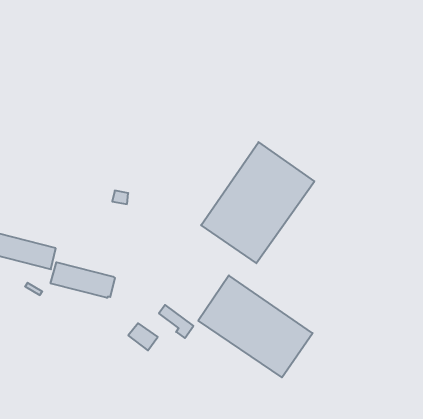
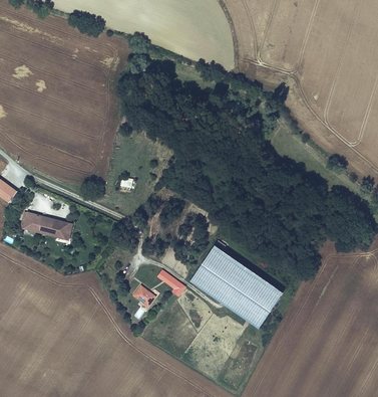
building: [201,142,314,263] -> none
building: [51,262,115,298] -> none

